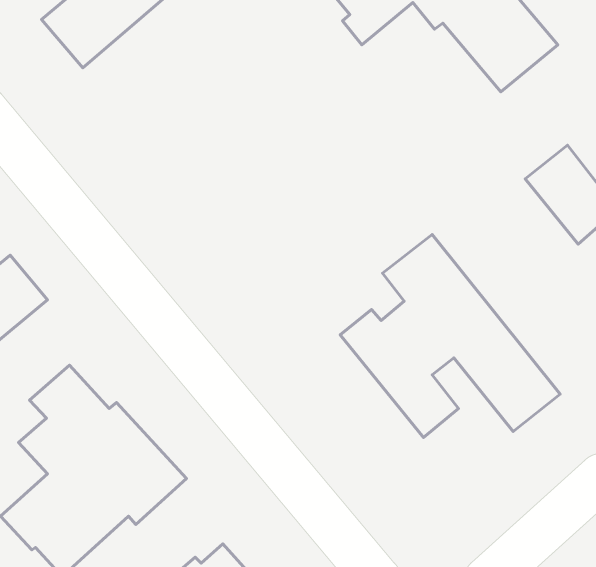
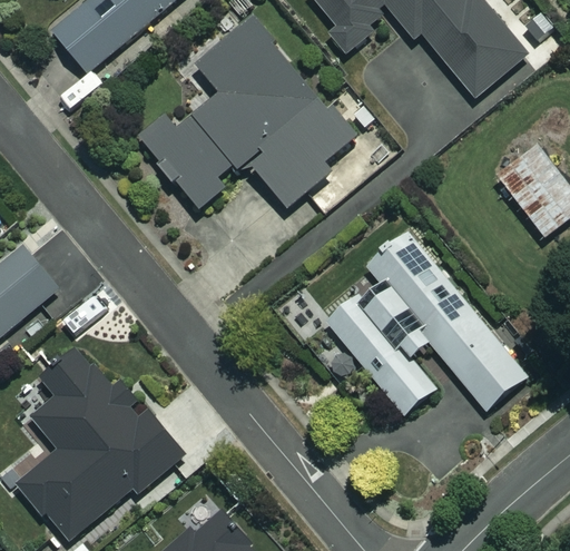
building: none -> [139,16,355,210]

